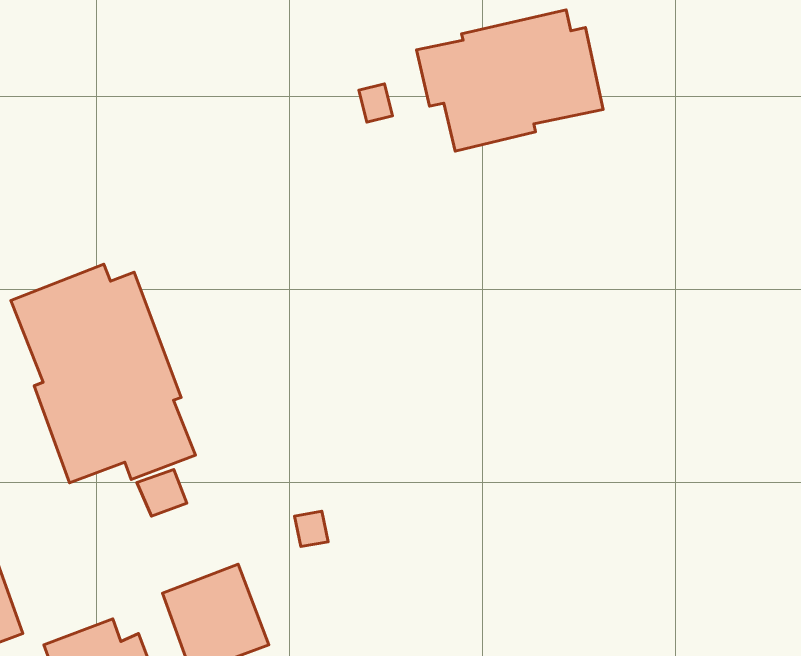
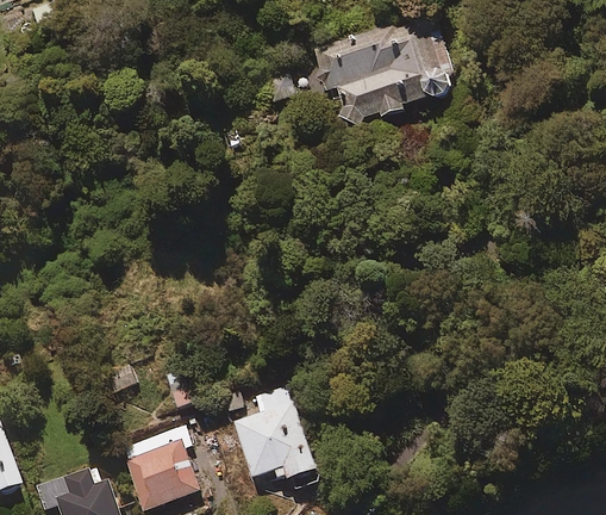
building: [11,264,196,483] -> none
building: none -> [233,387,324,491]

